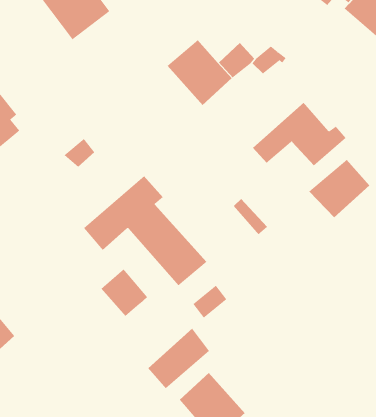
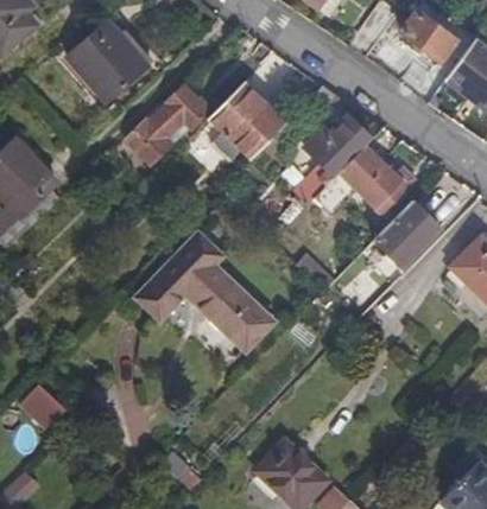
building: none -> [126,89,208,166]
building: none -> [296,120,369,199]
building: [100,269,148,317] -> none
building: [148,328,210,389] -> none

